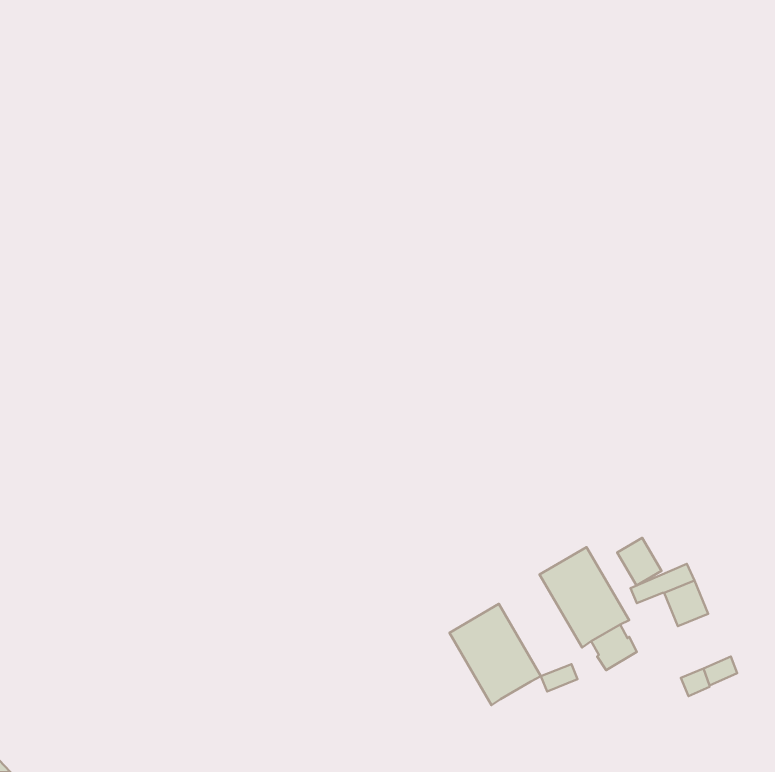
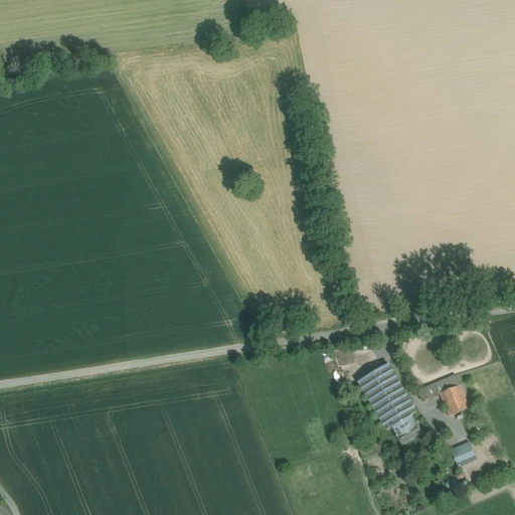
building: [617,538,662,586] -> none
building: [449,604,541,705] -> none

